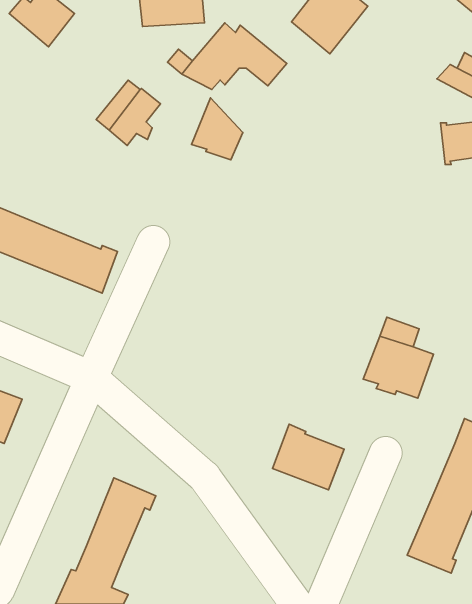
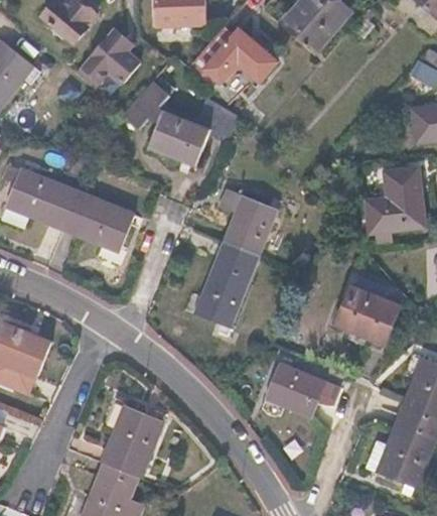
building: none -> [80,25,139,86]
building: none -> [149,112,209,165]
building: none -> [366,166,427,233]
building: none -> [195,196,279,330]

